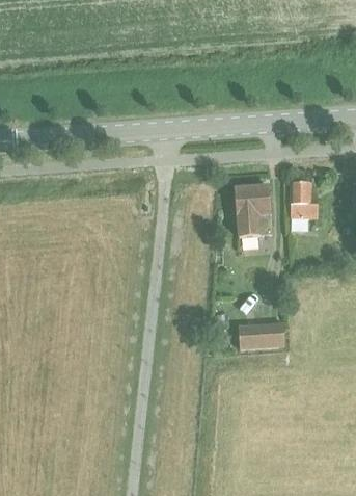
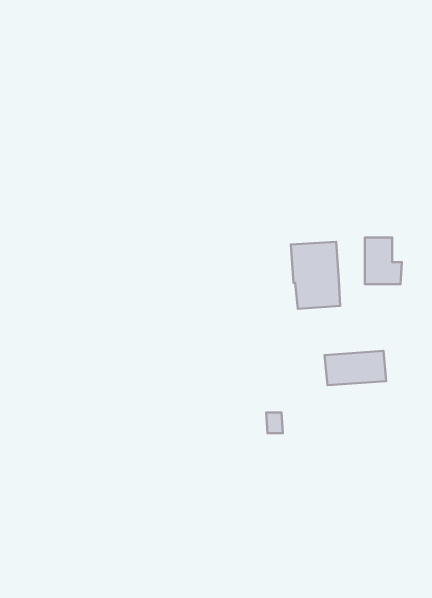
building: [238,322,284,348] -> [325,351,386,385]

